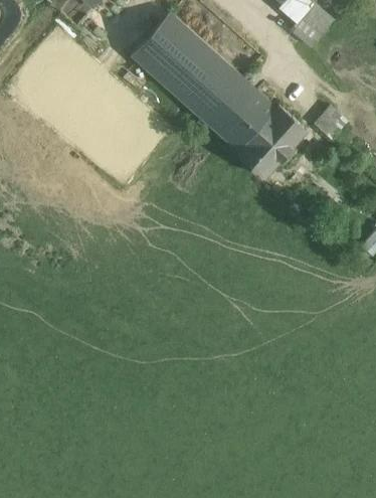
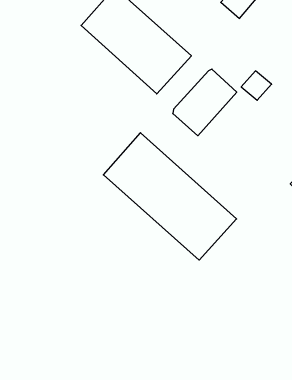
building: [216,89,274,149] -> none
building: none -> [103,133,237,260]

